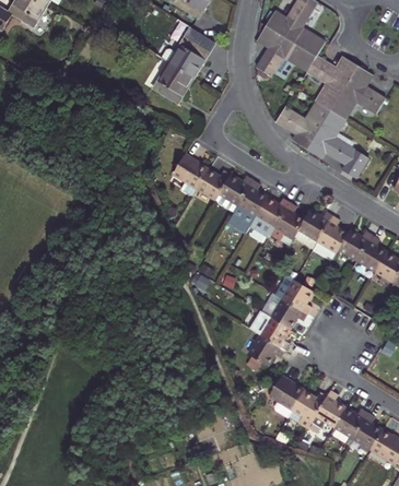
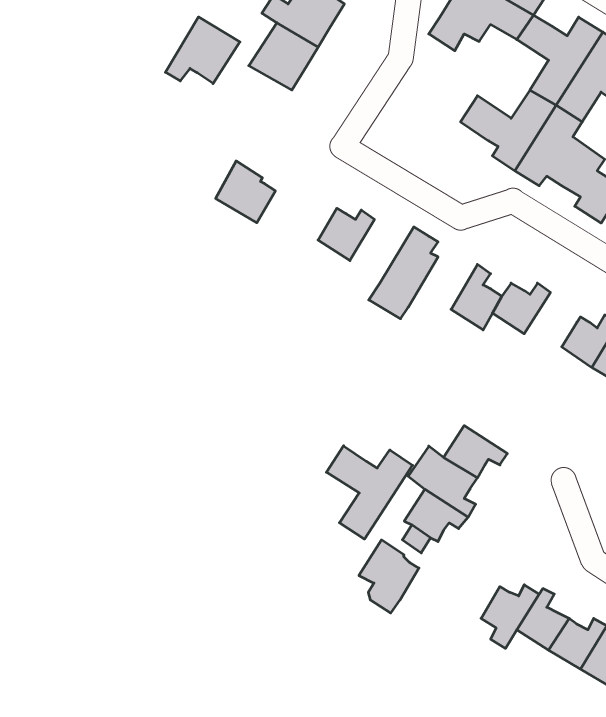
building: none -> [165,17,240,84]
building: [171,152,206,188] -> [216,161,275,223]
building: [212,176,250,213] -> none
building: [247,198,287,238] -> none
building: [315,218,345,254] -> none
building: [273,273,310,312] -> none
building: none -> [326,446,413,539]
building: [266,374,301,416] -> [359,540,419,613]

